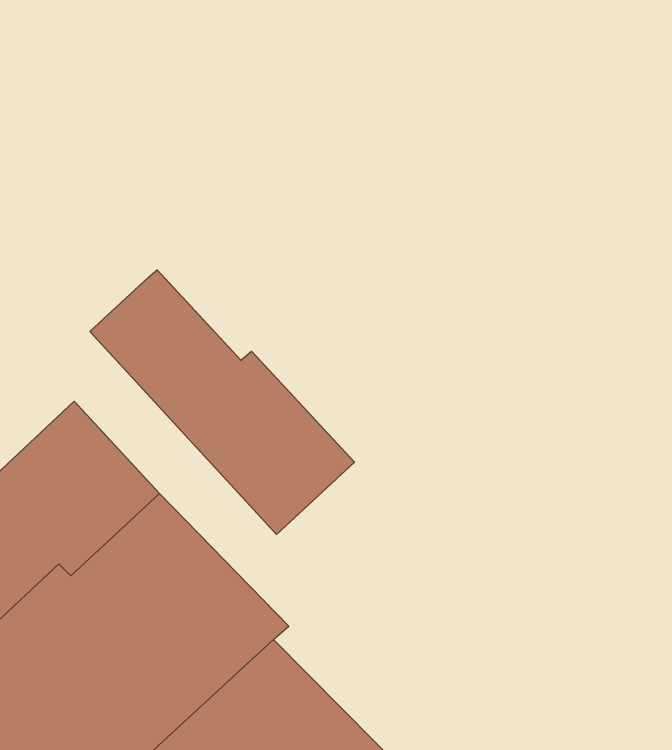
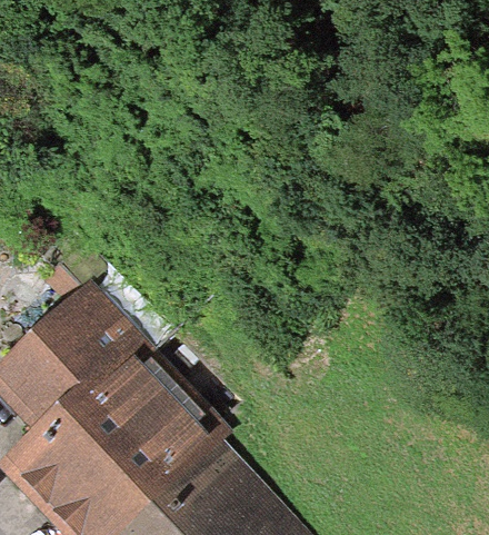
building: [90,270,355,534] -> none

